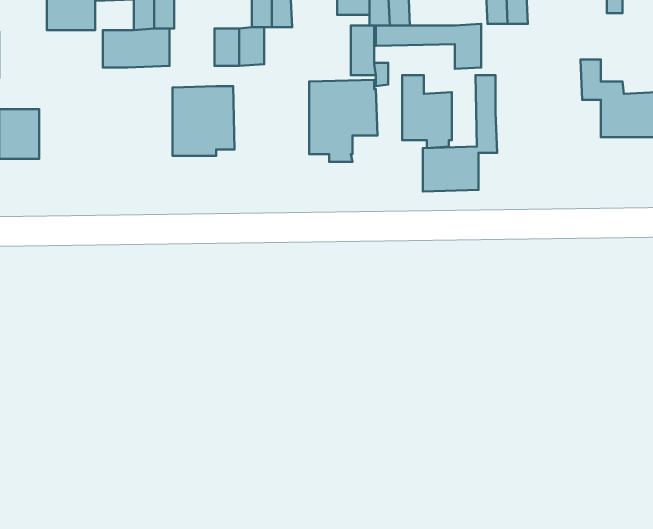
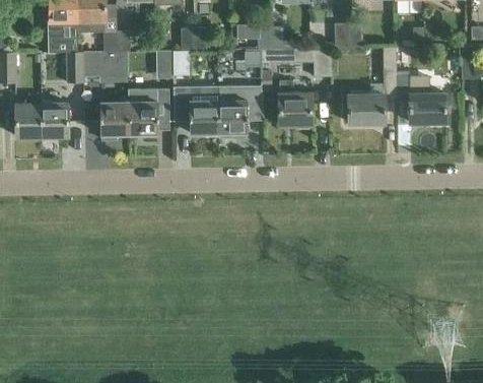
building: none -> [67,52,83,82]
building: [423,75,497,192] -> [348,47,397,123]
building: none -> [172,85,218,133]
building: none -> [100,101,129,140]
building: none -> [42,103,68,136]

